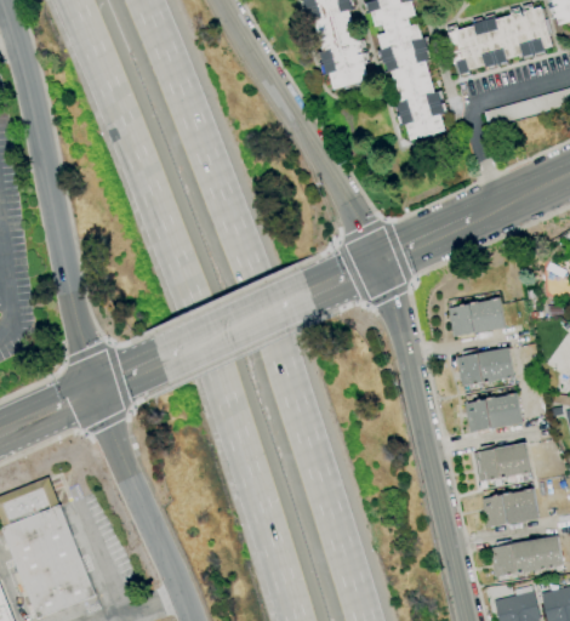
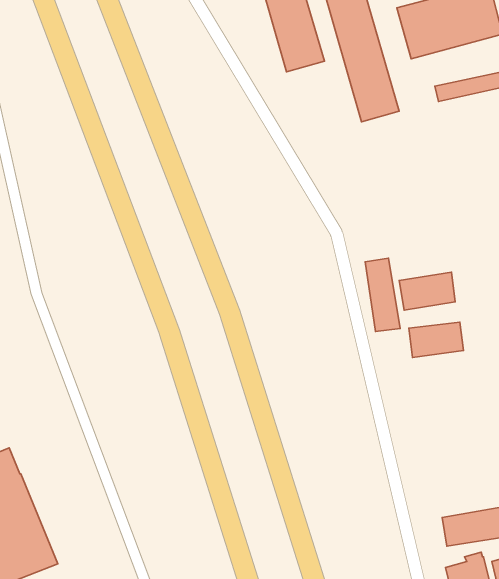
building: none -> [365,258,400,331]
building: [464,395,521,431] -> none
building: [473,443,531,482] -> none
building: [483,489,540,528] -> none

